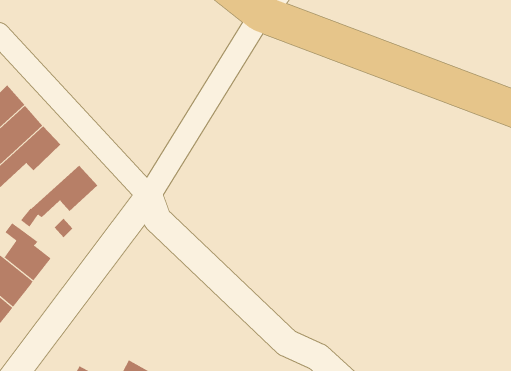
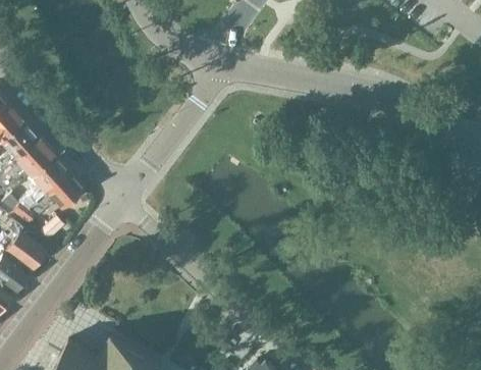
building: none -> [11,153,68,217]

